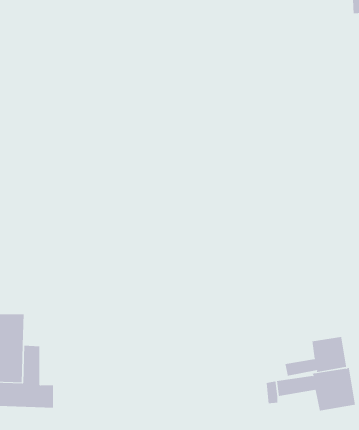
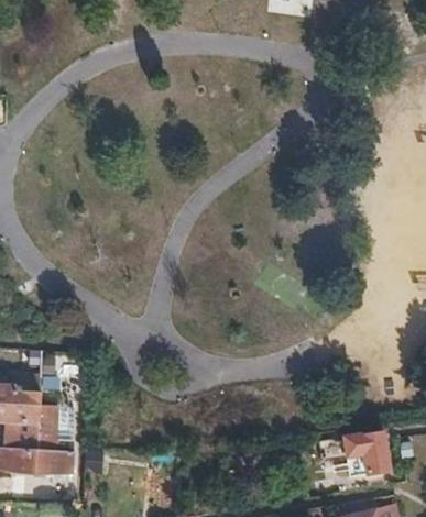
building: [285,336,347,376] -> none

